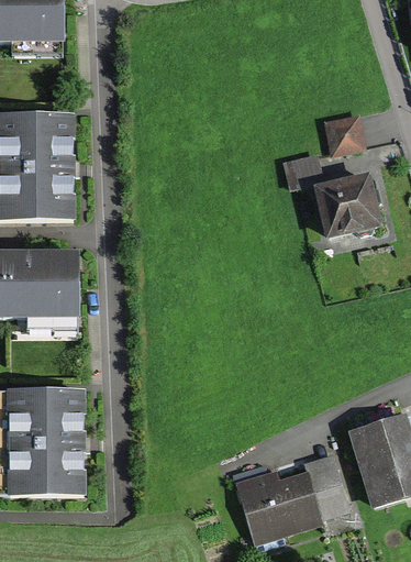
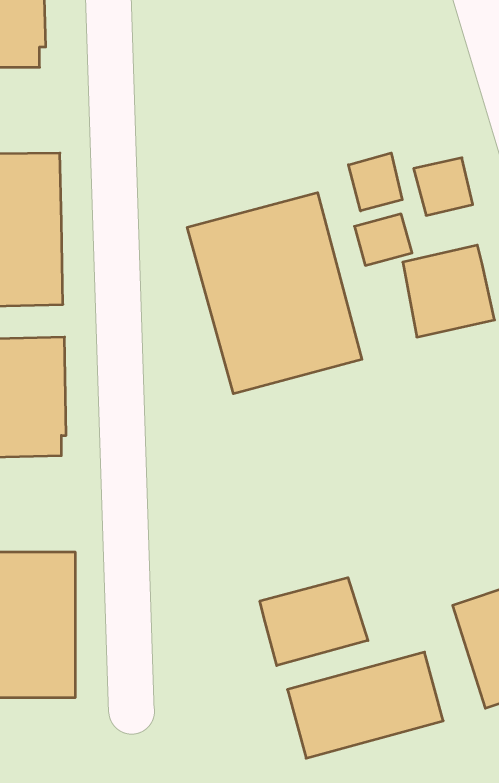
building: none -> [348,153,402,211]
building: none -> [187,193,362,394]
building: none -> [260,578,368,666]

